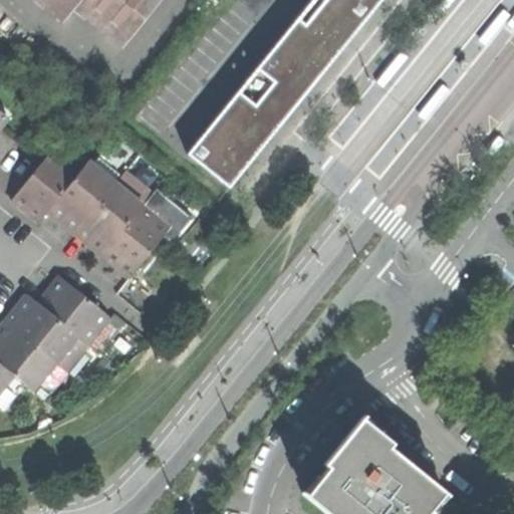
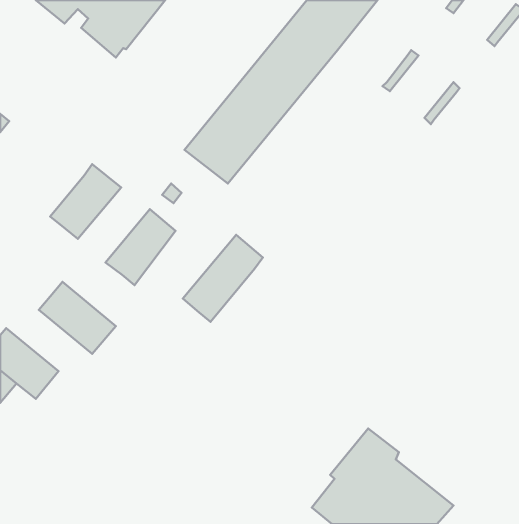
building: [19,151,87,224] -> none
building: [81,172,160,257] -> [183,235,263,322]
building: [11,295,95,372] -> none

